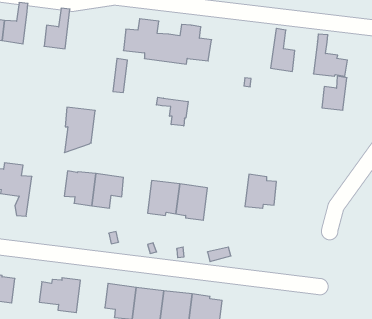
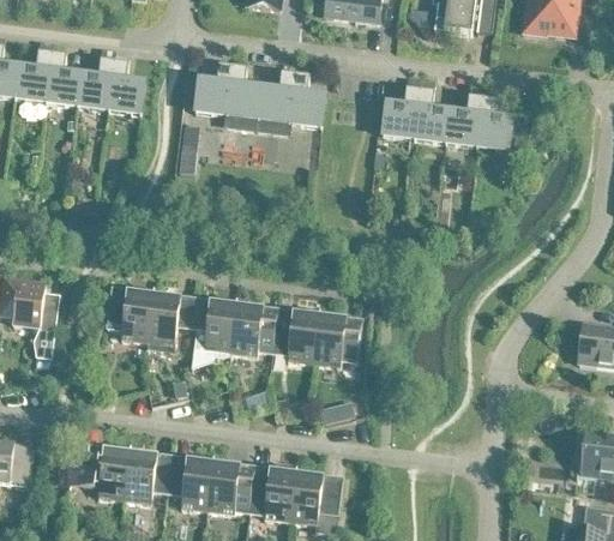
building: none -> [109,49,145,113]
building: none -> [47,53,82,104]
building: none -> [383,77,422,137]
building: [322,76,347,110] -> [446,95,483,145]
building: [156,97,188,126] -> none
building: [64,107,95,153] -> [192,299,237,366]
building: [245,174,276,208] -> [314,314,361,365]
building: none -> [126,451,173,501]

